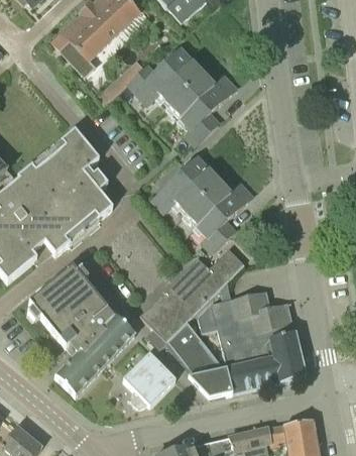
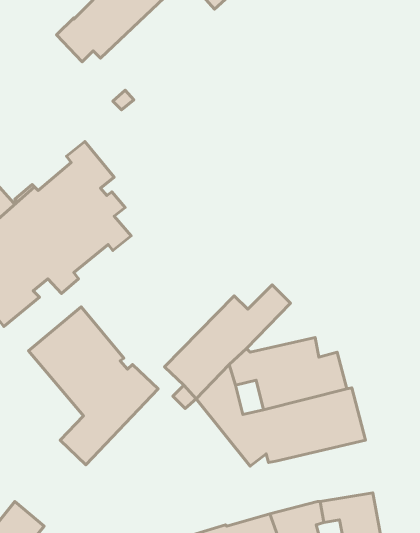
building: [127,49,236,143] -> none
building: [153,157,253,251] -> none
building: [125,348,175,406] -> none

